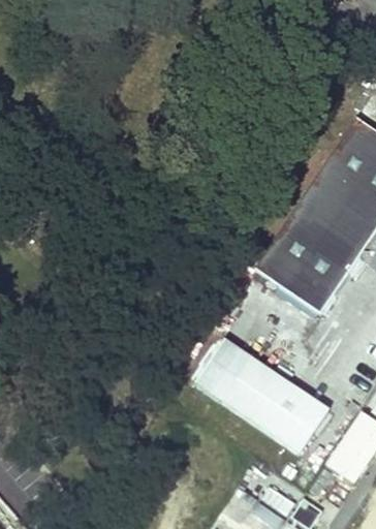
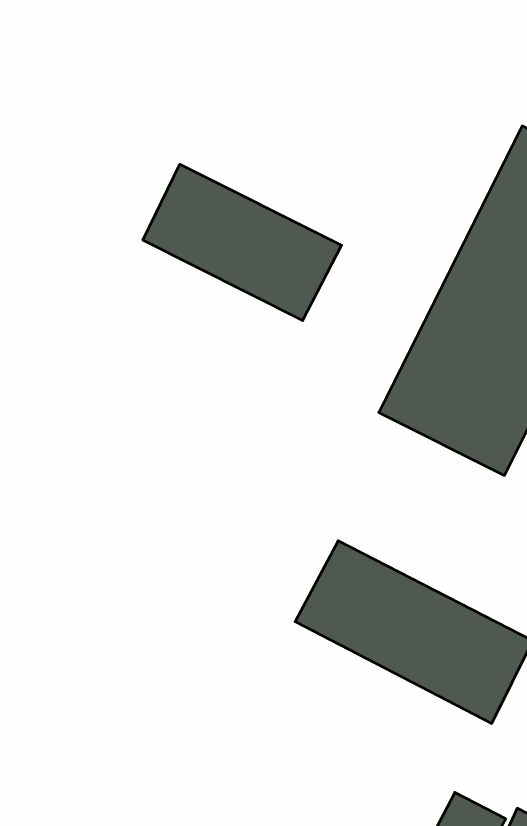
building: none -> [143,164,342,321]

